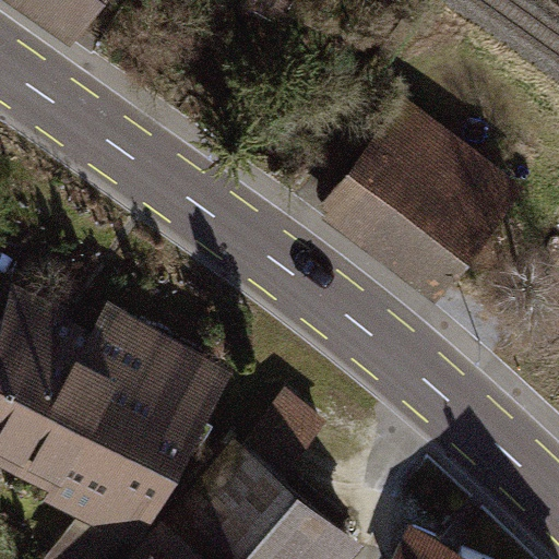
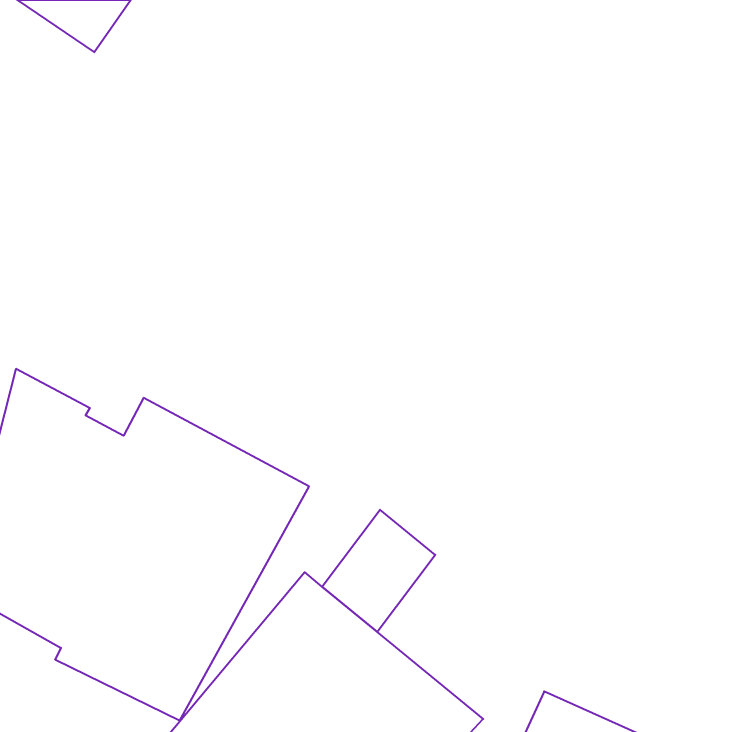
building: [319,97,527,309] -> none

